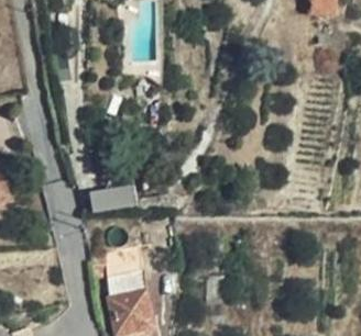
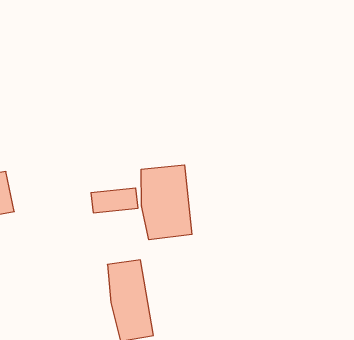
building: none -> [141,165,192,240]

